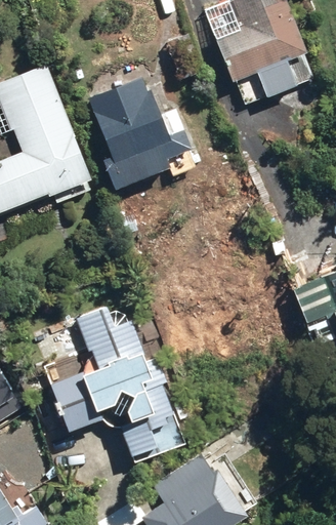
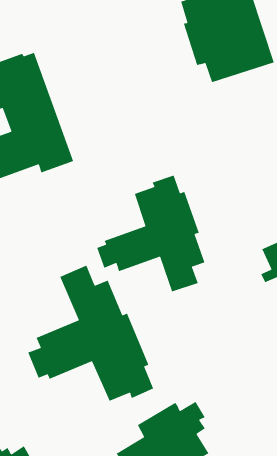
building: [89,79,194,191] -> none
building: none -> [96,175,205,293]

